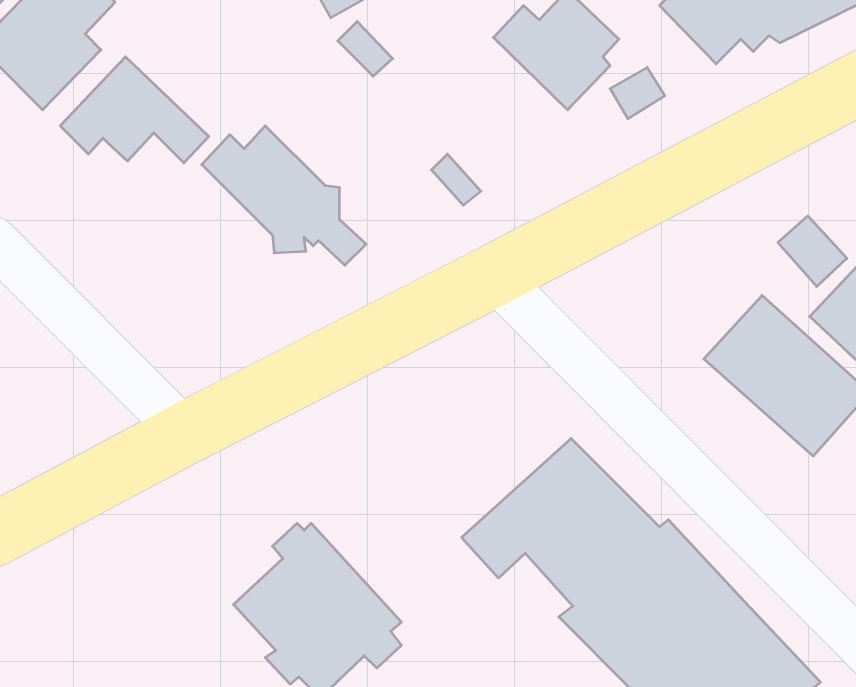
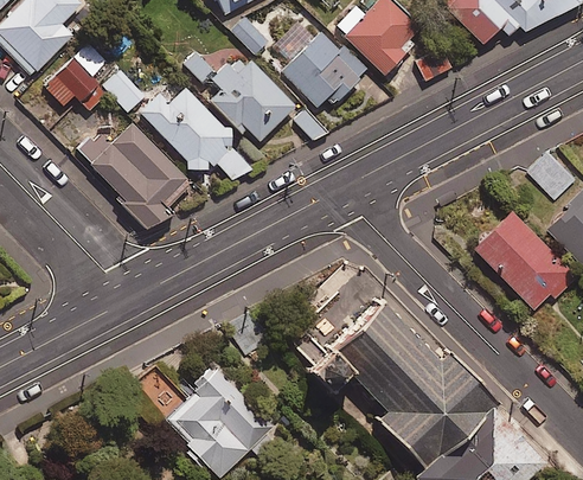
building: none -> [282,34,370,108]
building: none -> [184,52,297,147]
building: none -> [78,124,191,236]

